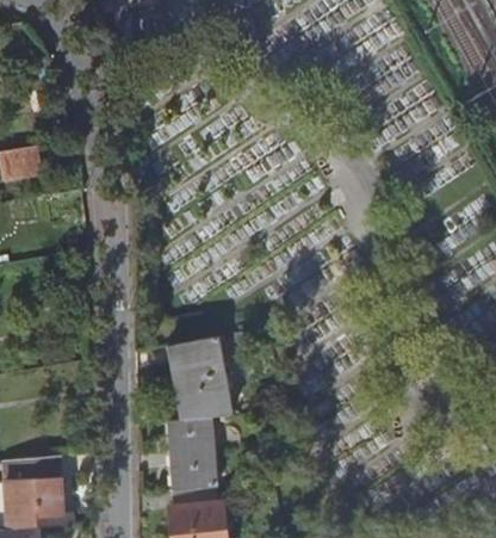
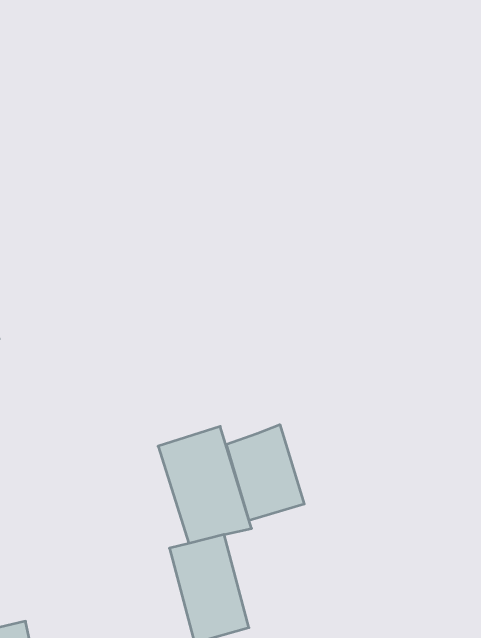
building: none -> [226,425,304,520]

